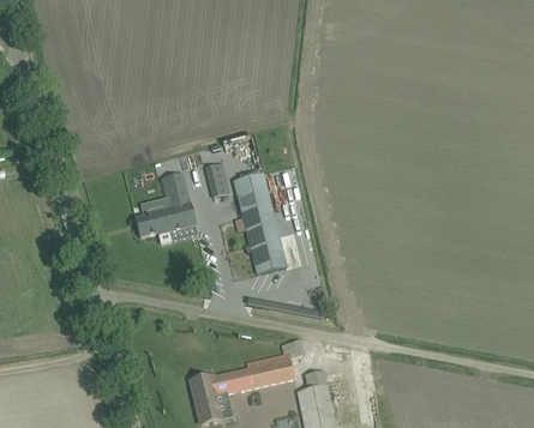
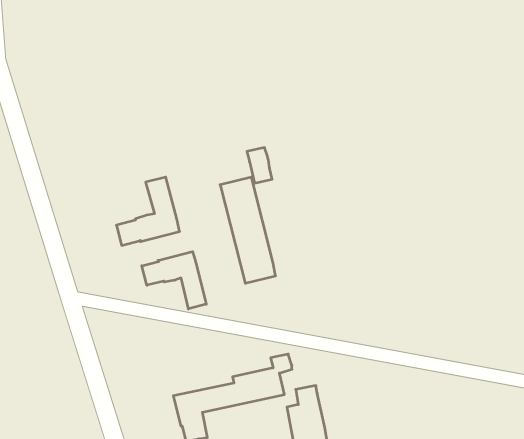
building: [205,162,229,195] -> [247,148,272,183]
building: none -> [142,252,206,309]

